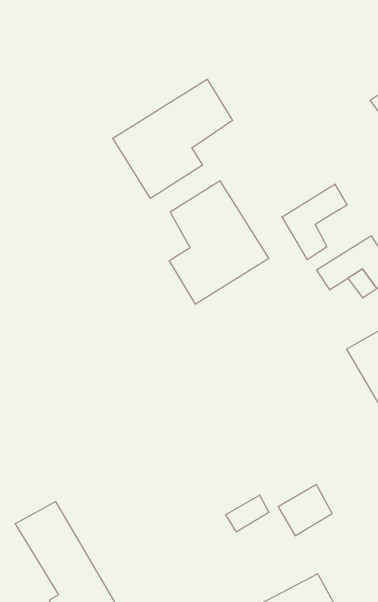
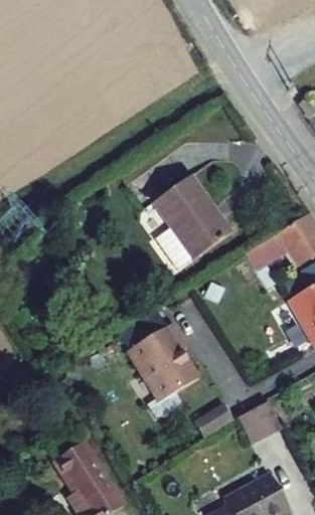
building: [113,79,233,198] -> none
building: [282,184,347,260] -> none
building: none -> [128,324,205,410]

